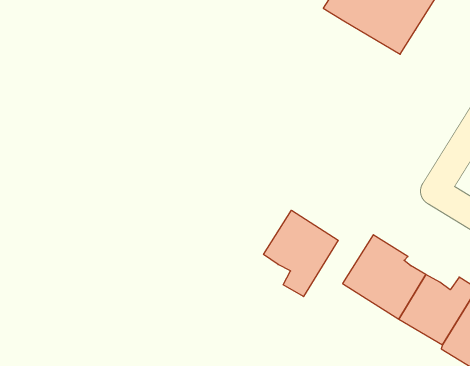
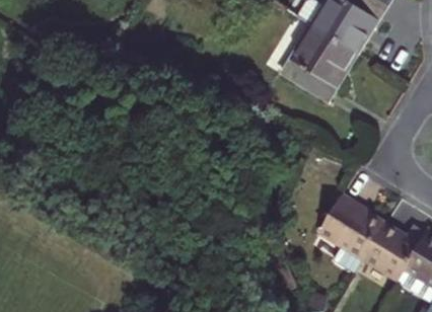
building: none -> [285,23,359,96]
building: [264,210,338,297] -> none

